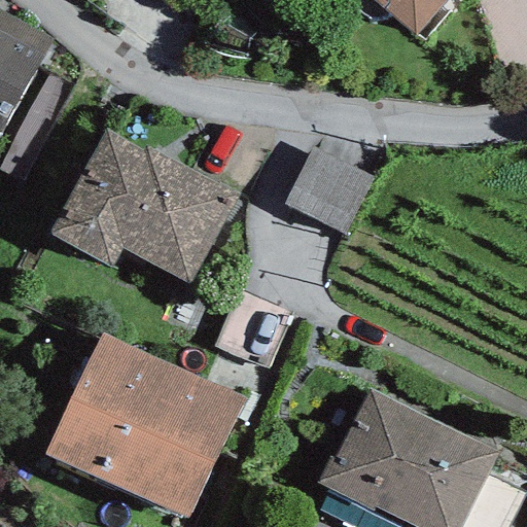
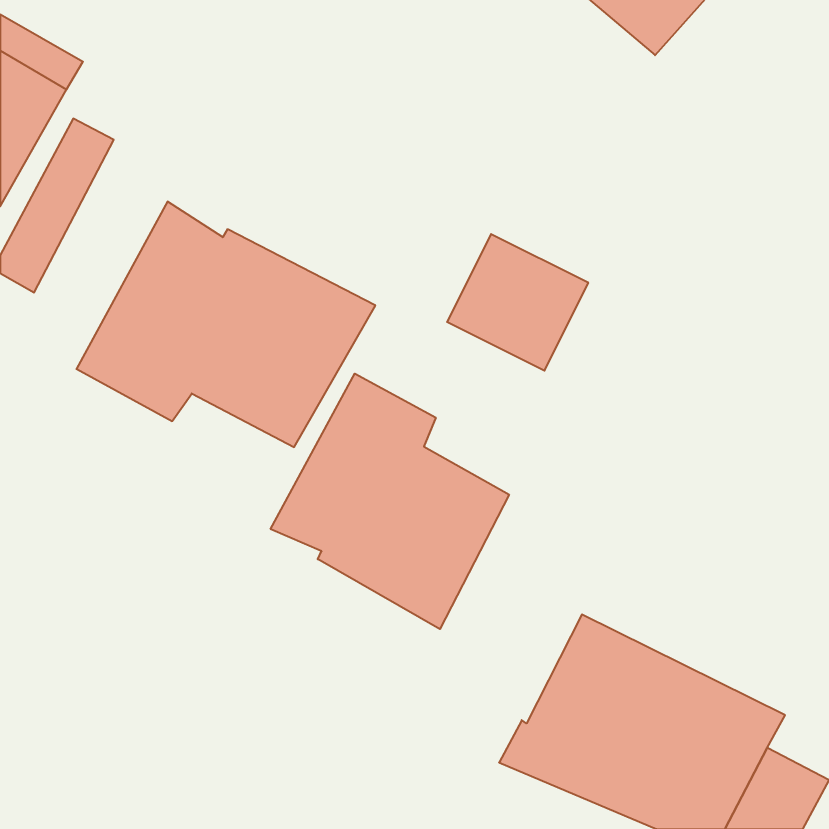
building: none -> [271,374,509,629]
building: [44,332,245,518] -> none

